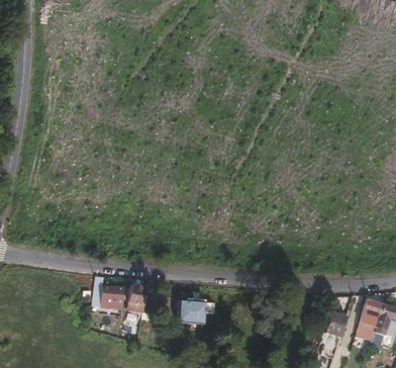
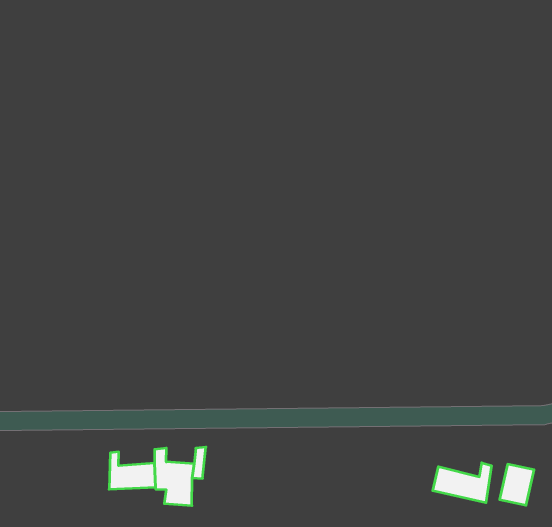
building: [179,295,215,325] -> none
building: none -> [433,463,491,503]

